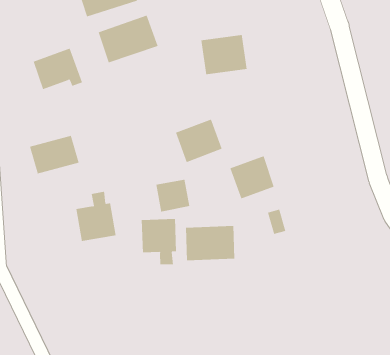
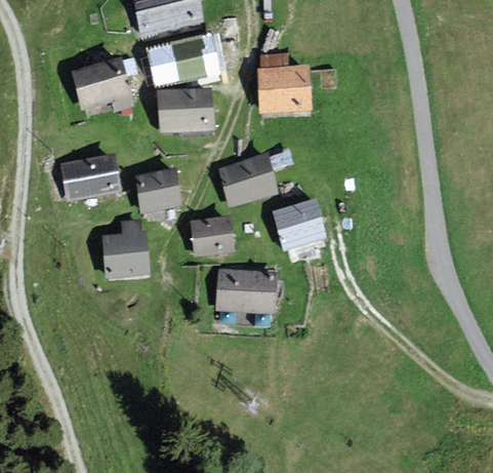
building: none -> [161,92,208,126]
building: none -> [138,172,177,209]
building: [141,218,177,265] -> none

